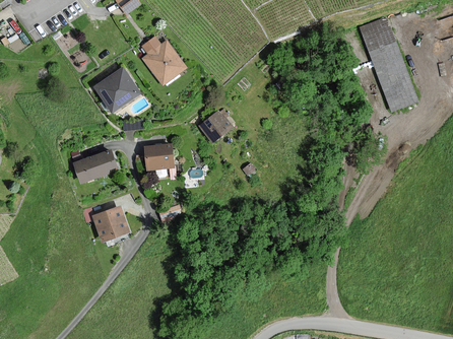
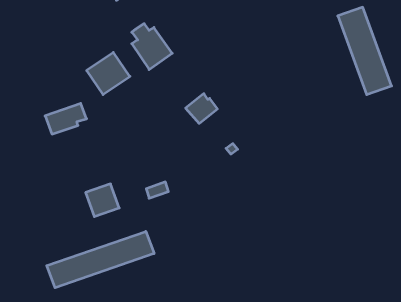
building: [145,144,174,168] -> none
building: [74,149,118,182] -> [45,103,87,134]
building: none -> [47,231,154,288]

